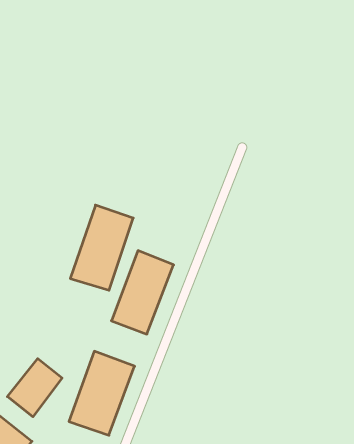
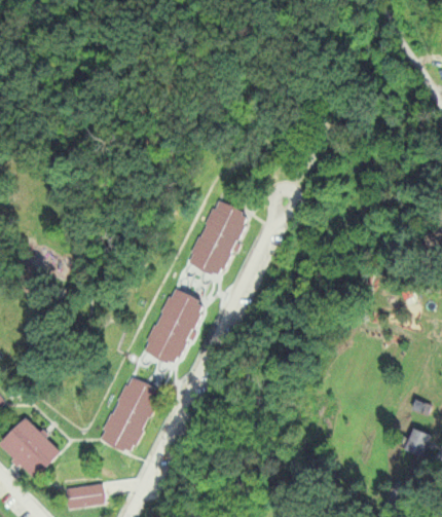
building: [70,205,133,290] -> [187,198,251,279]
building: [7,359,62,417] -> none

